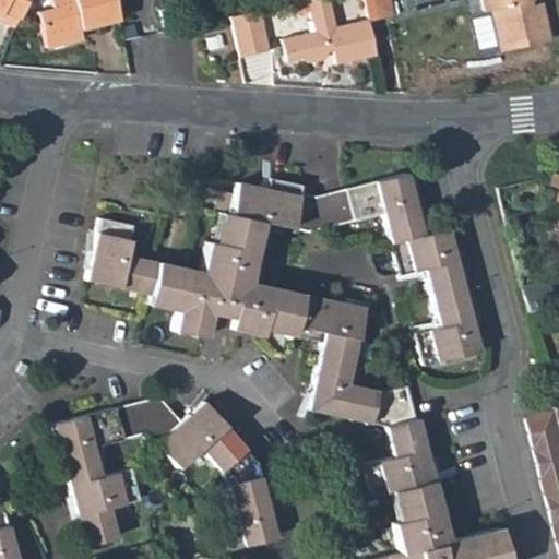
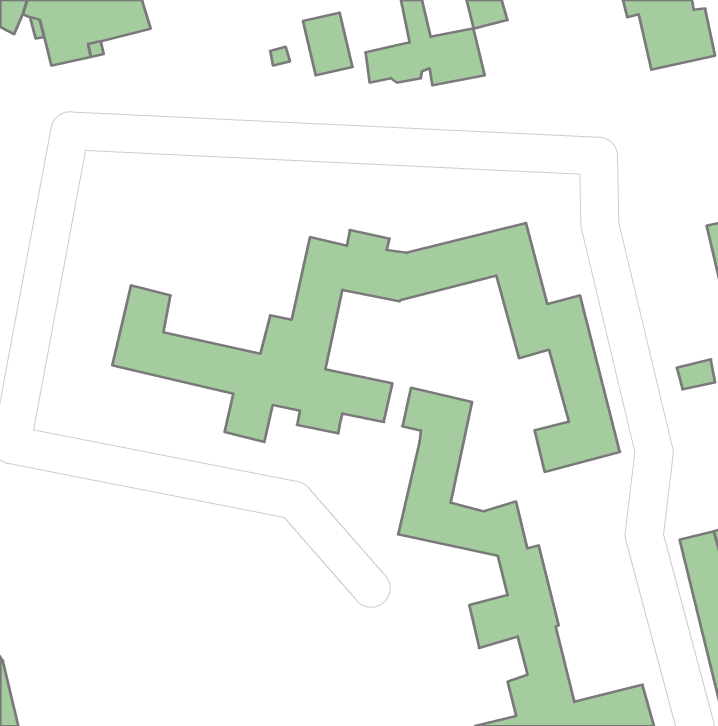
building: [267,295,330,340] -> none
building: [59,401,281,552] -> none

